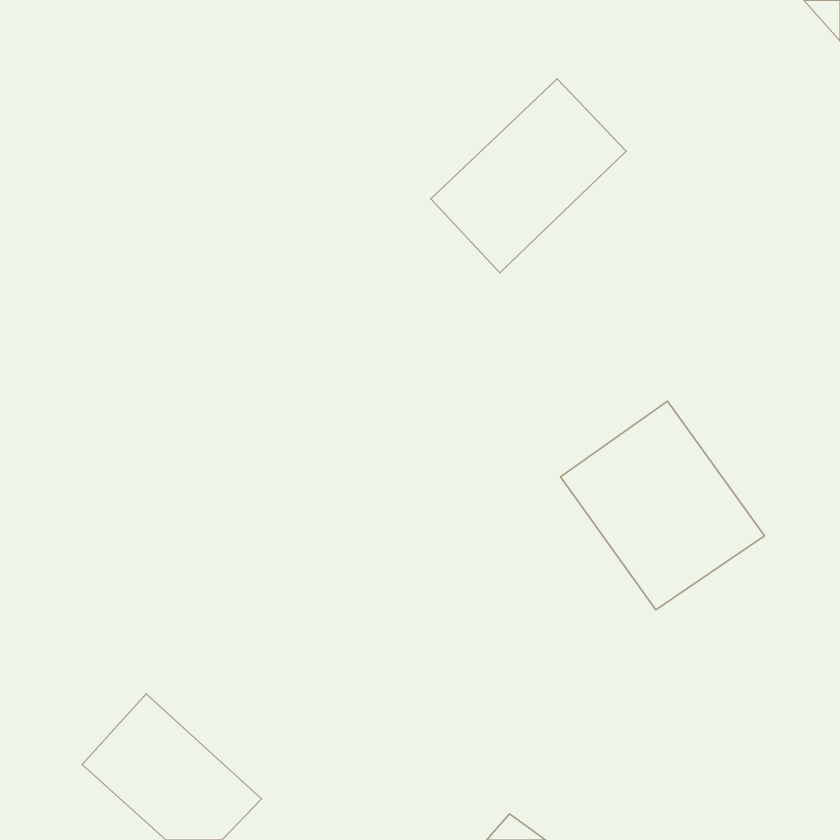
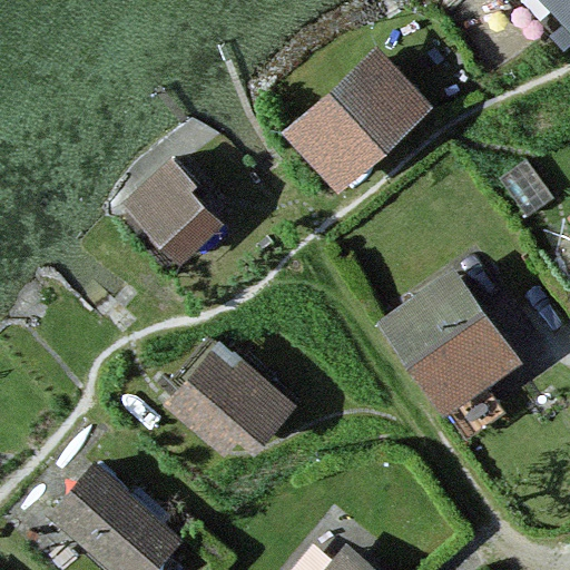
building: none -> [128,169,218,261]
building: none -> [186,346,292,449]

